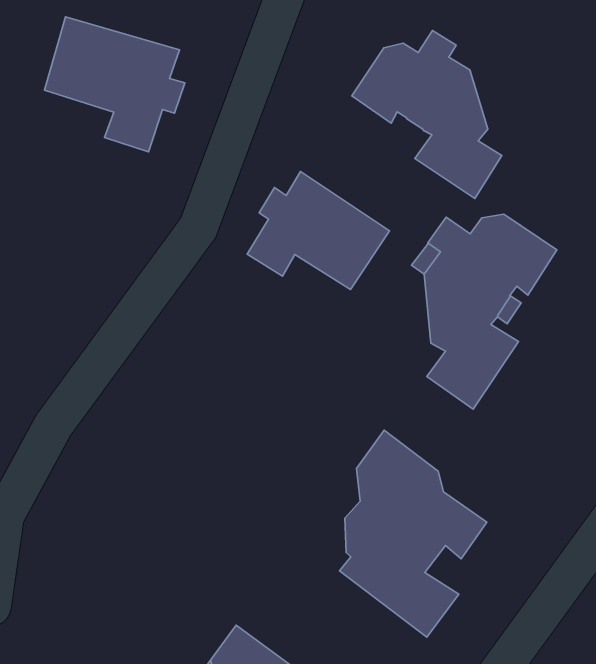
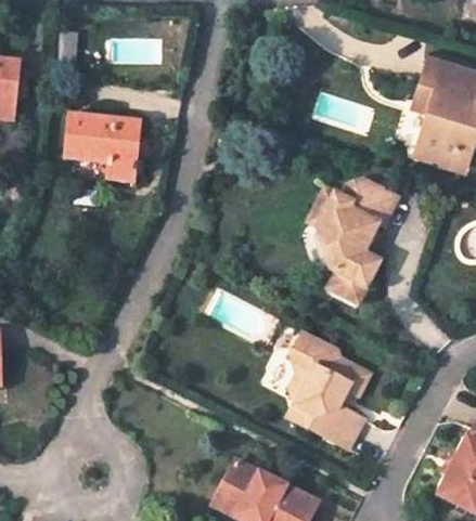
building: [352,30,502,198] -> none
building: [247,171,390,289] -> none

